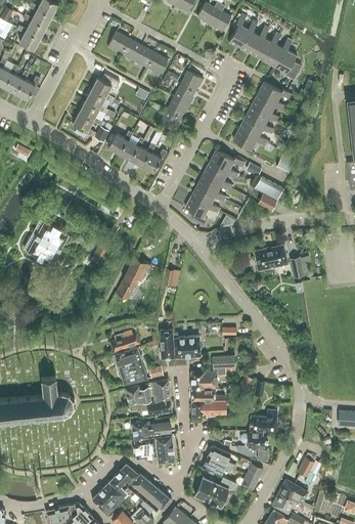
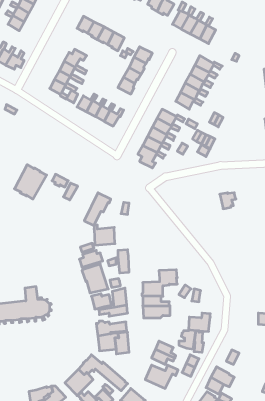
building: [275,39,301,80] -> none
building: [254,245,287,270] -> none
building: [174,333,201,358] -> [94,225,115,245]

